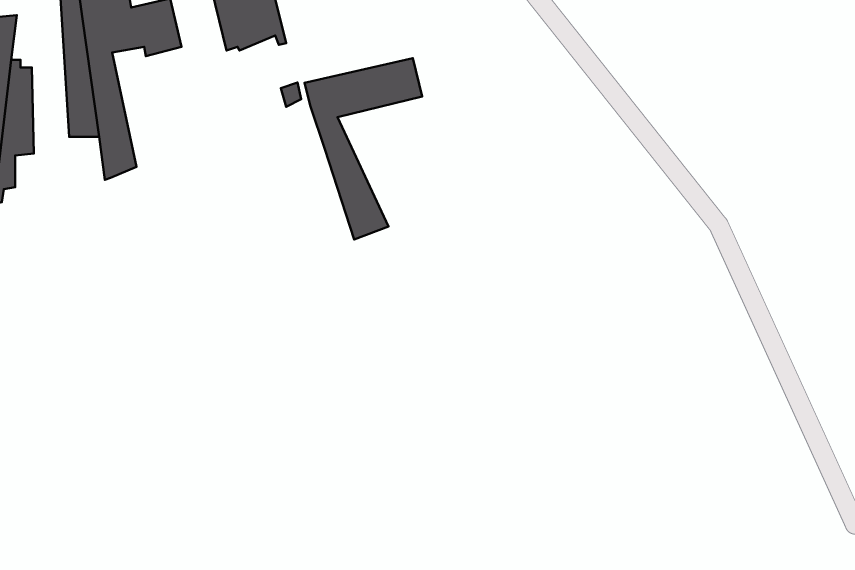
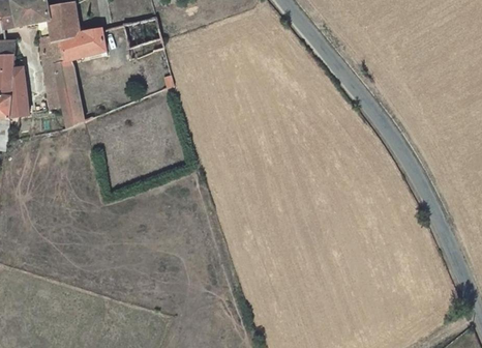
building: [305,58,422,240] -> none

